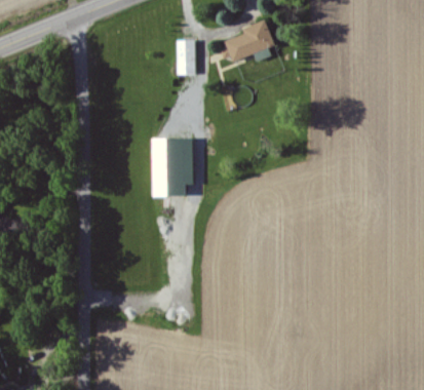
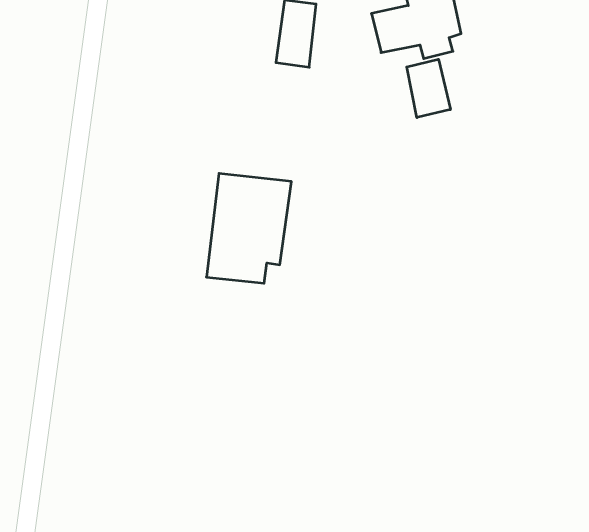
building: none -> [407,59,450,118]

